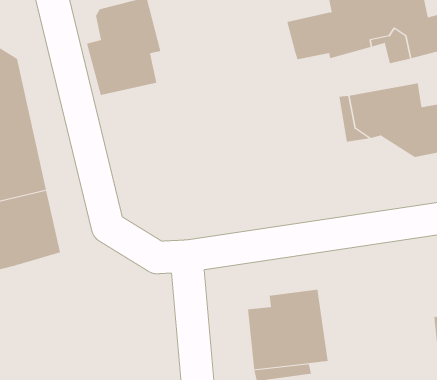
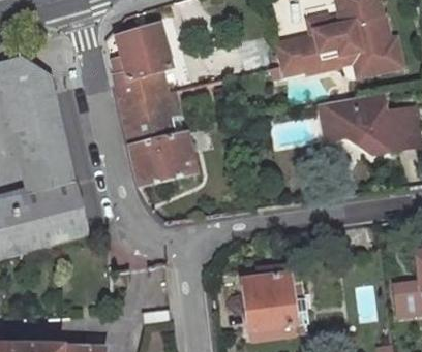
building: none -> [120,92,194,186]

